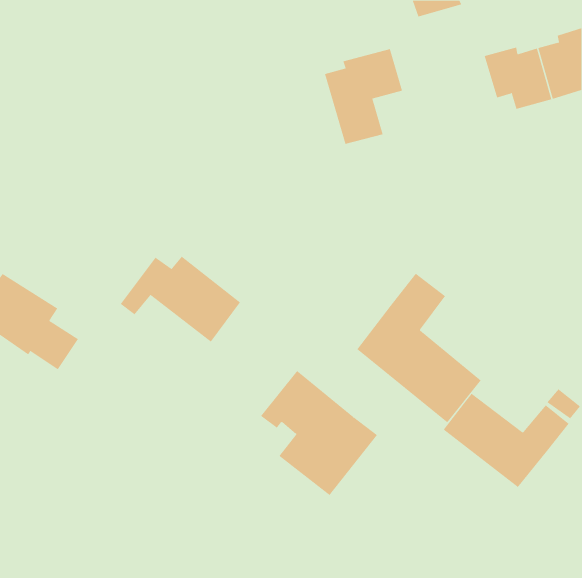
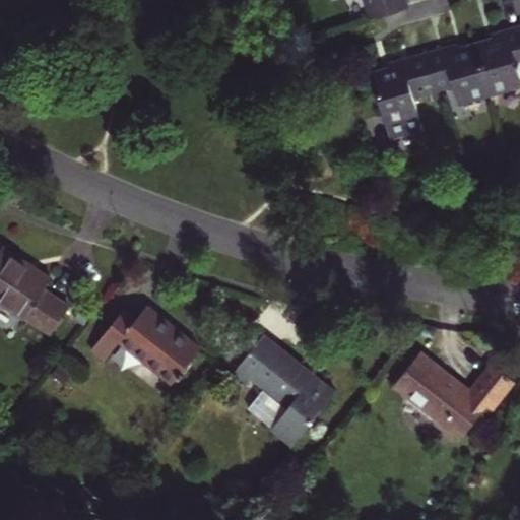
building: [324,49,403,145] -> [372,55,442,140]
building: [120,256,241,343] -> [91,308,199,385]
building: [356,273,481,423] -> none

